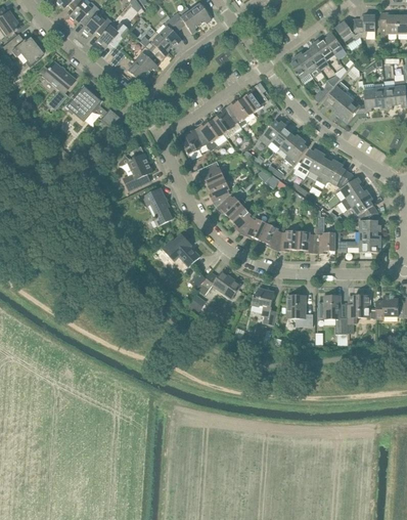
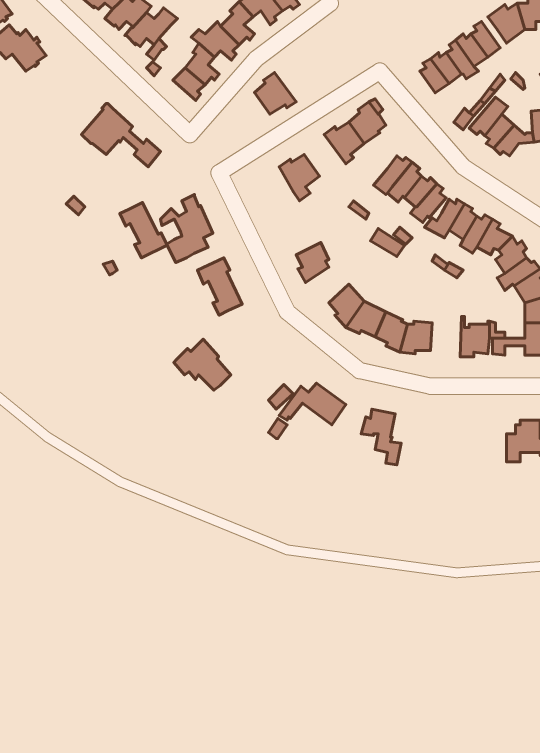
building: [43,61,76,109] -> none
building: [214,105,241,133] -> [254,72,296,114]
building: [181,127,207,154] -> none
building: none -> [120,202,167,258]
building: [198,160,225,185] -> none
building: [215,192,245,217] -> none
building: [298,226,318,253] -> none
building: [163,232,200,266] -> [174,339,231,390]
building: [288,294,313,326] -> none
building: [319,295,348,333] -> none

